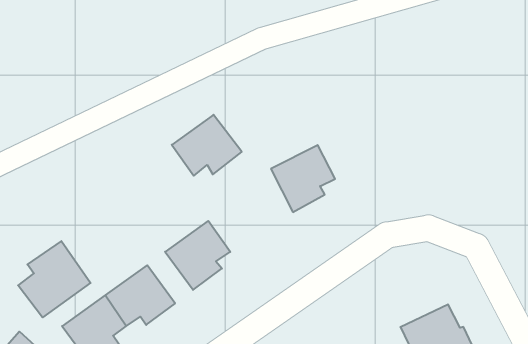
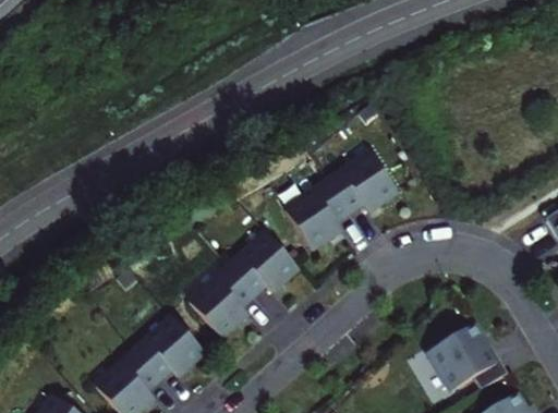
building: [172,115,242,176] -> [229,233,299,295]
building: none -> [329,153,398,212]
building: [18,241,91,317] -> none

